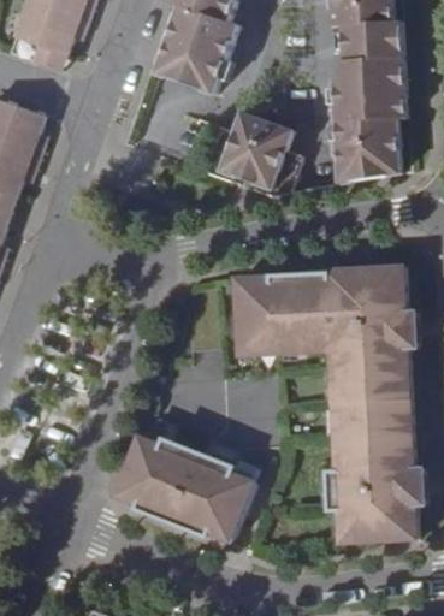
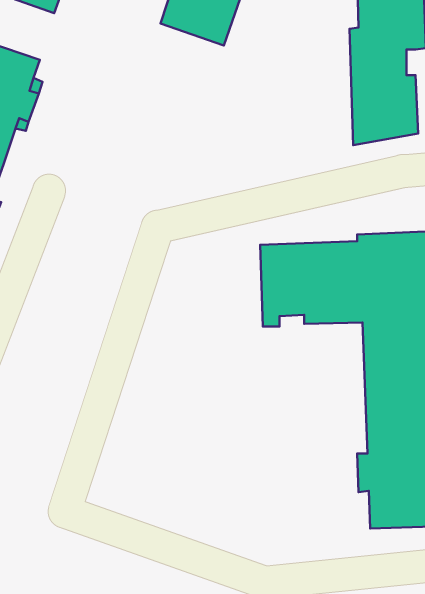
building: [199,109,300,195] -> none
building: [114,440,250,544] -> none

